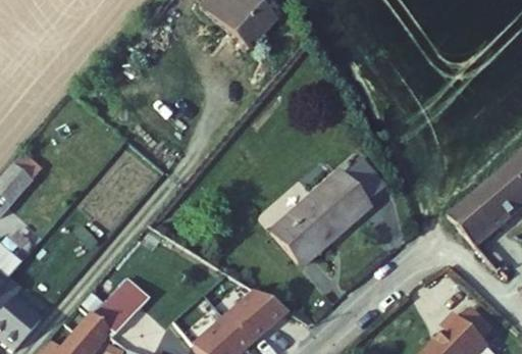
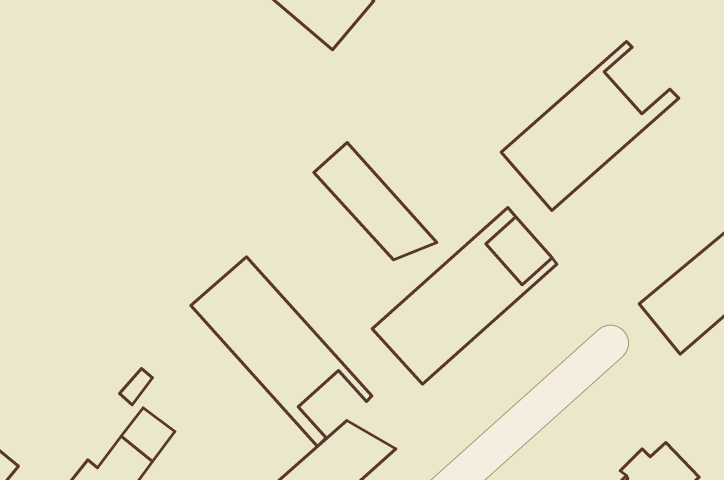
building: none -> [501,41,679,210]
building: none -> [314,142,437,260]
building: none -> [191,257,372,446]

